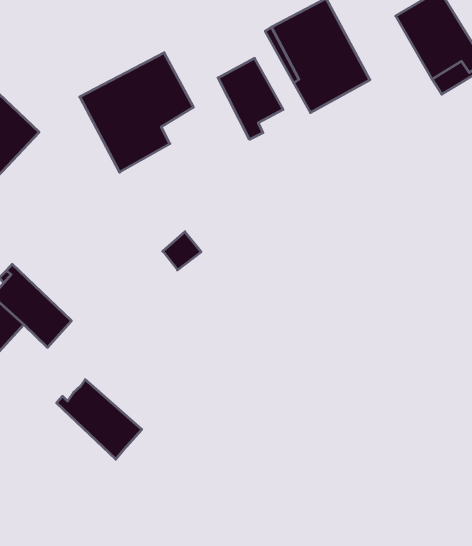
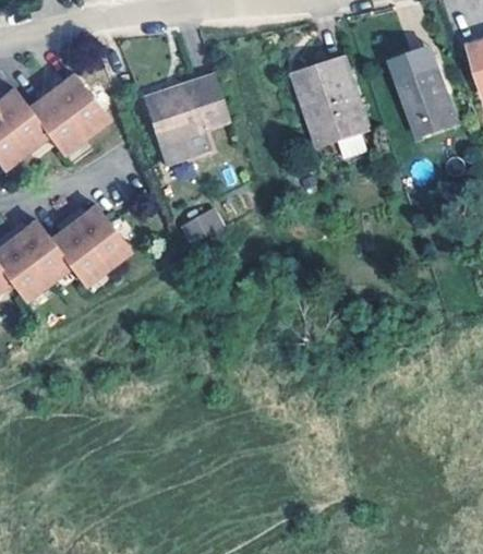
building: [218,58,283,139] -> none
building: [57,380,142,459] -> [69,204,131,269]

